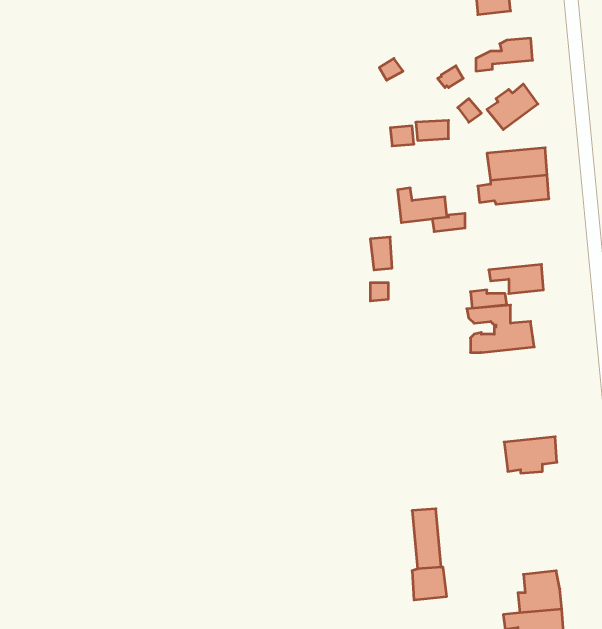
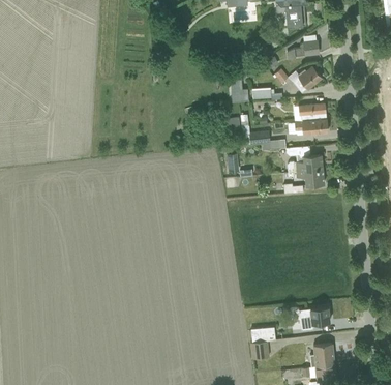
building: [467,305,534,352] -> [285,146,324,173]
building: [504,437,557,473] -> [300,307,330,328]

